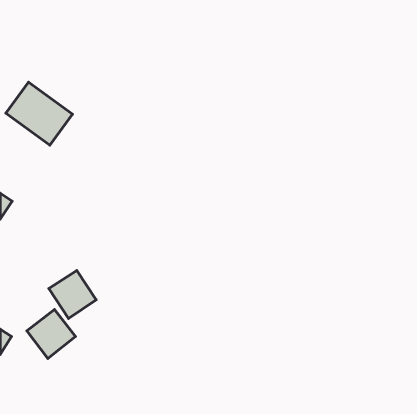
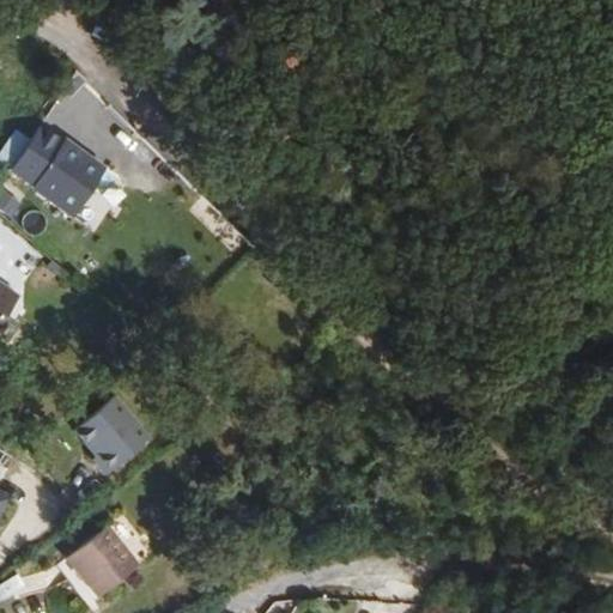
building: [27,310,76,358] -> [69,527,141,599]

